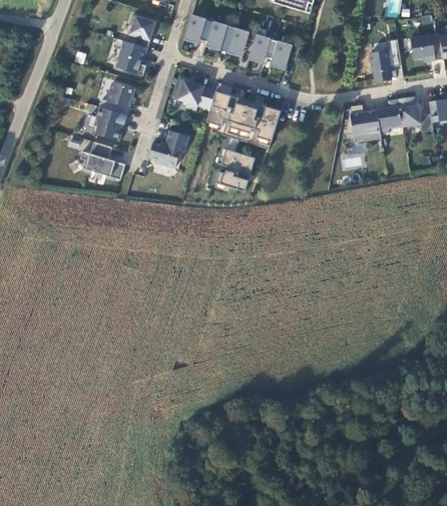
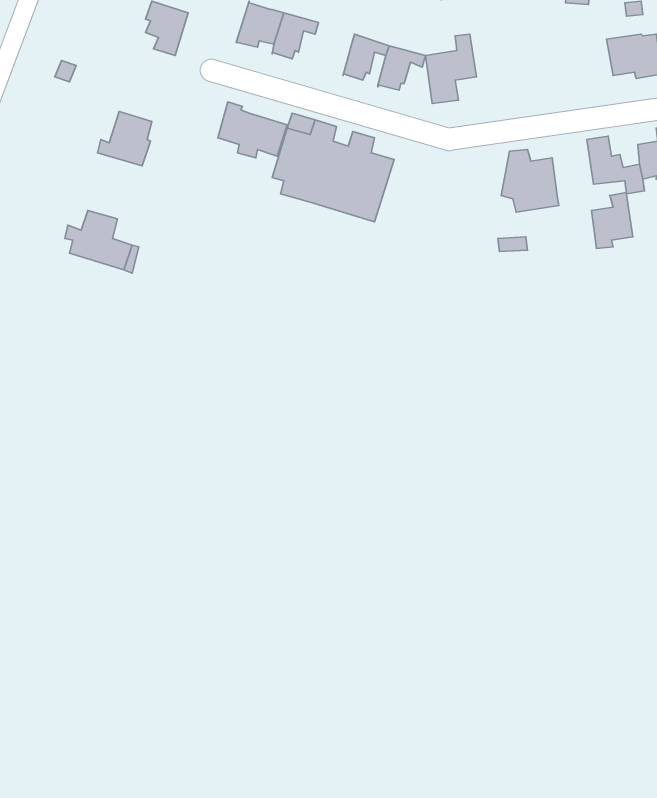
building: [227,27,256,56] -> none
building: [370,39,401,81] -> [425,34,477,103]
building: [115,40,146,75] -> none
building: [376,98,401,132] -> [592,192,633,248]
building: [86,106,126,140] -> none
building: [147,130,187,167] -> none
building: [214,141,255,191] -> none

